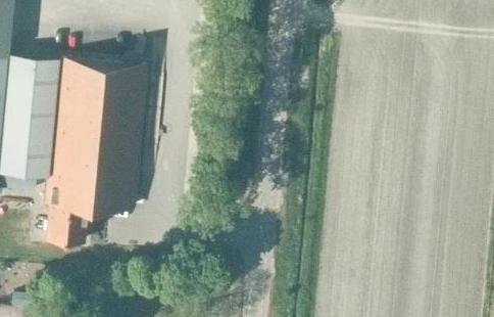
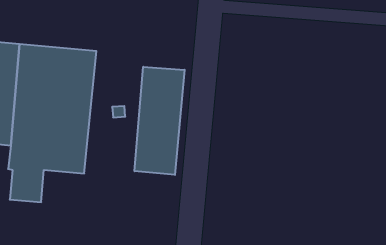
building: none -> [135,67,185,175]

